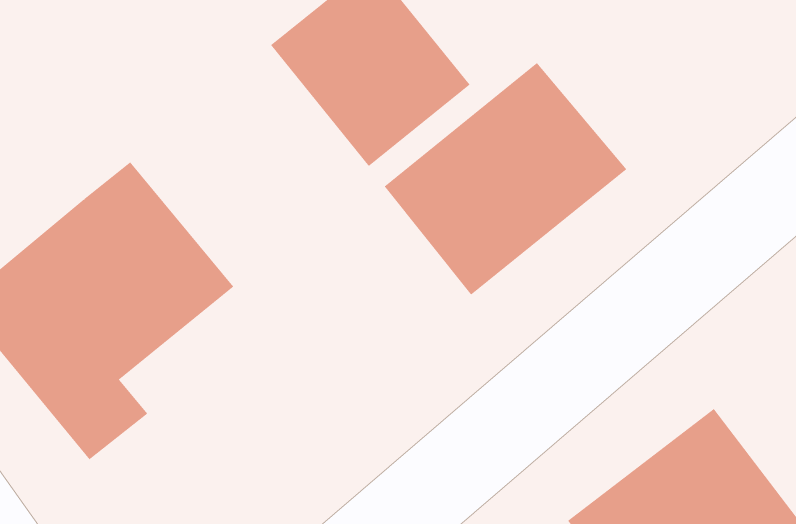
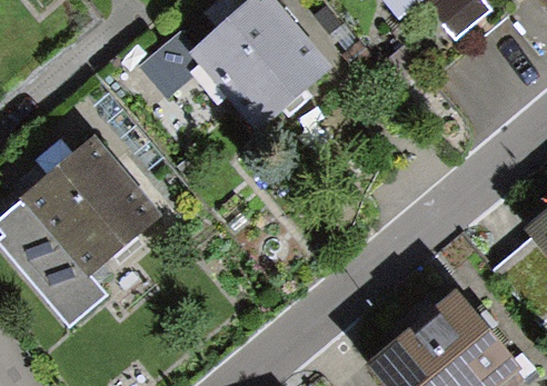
building: [384,62,627,295] -> none

